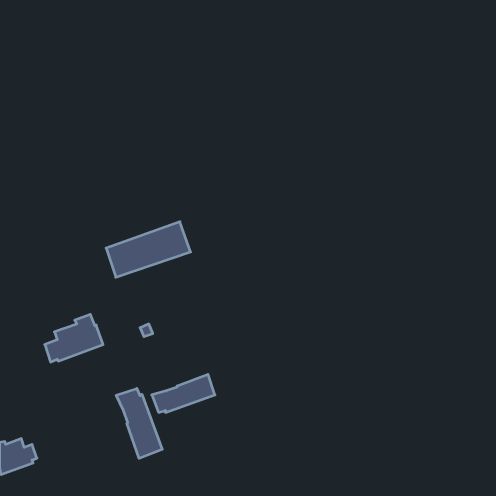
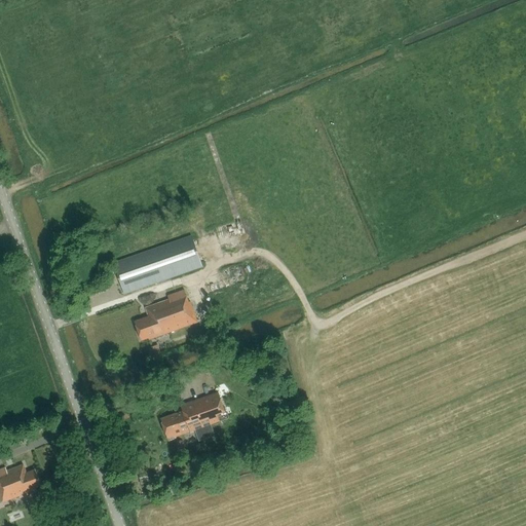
building: [45,314,103,362] -> [135,289,196,339]
building: [116,388,162,458] -> none

